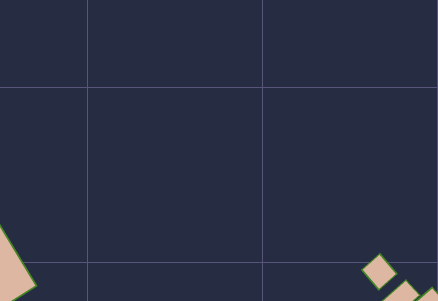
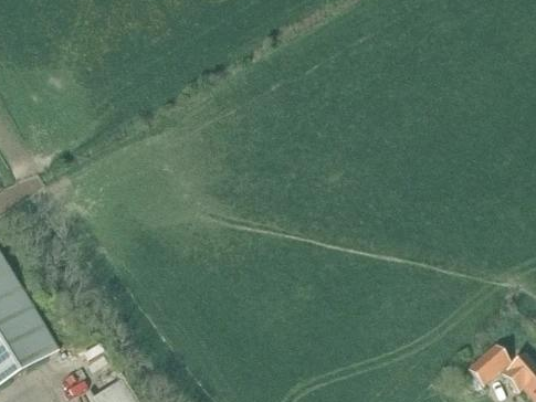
building: [362,254,397,290] -> none

